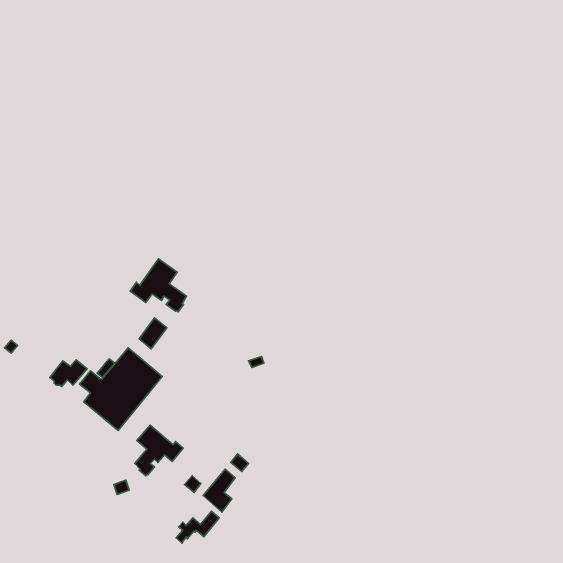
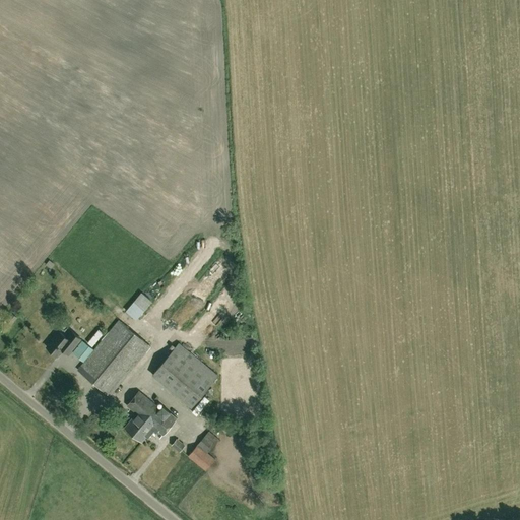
building: [130,259,186,312] -> none
building: none -> [151,344,217,407]
building: [176,511,219,543] -> [136,413,176,443]

